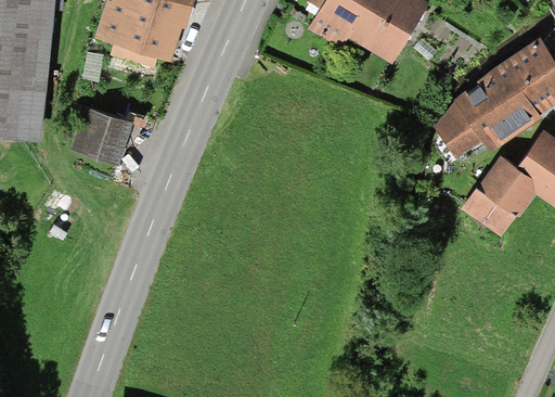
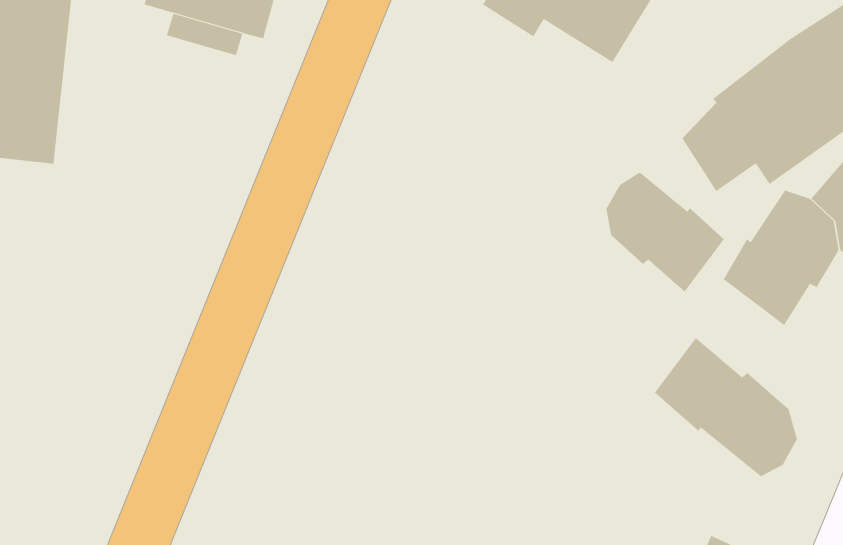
building: [70,103,133,162] -> none
building: none -> [606,171,724,292]
building: none -> [654,337,797,477]

